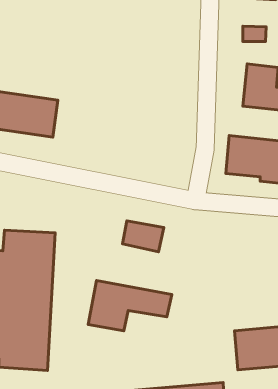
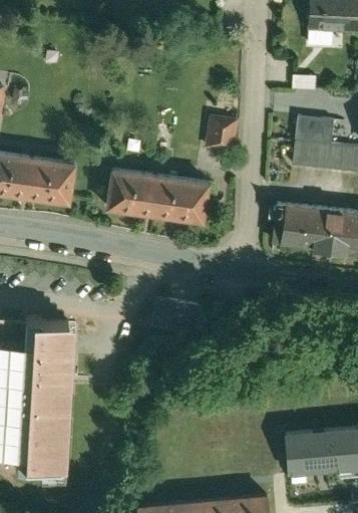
building: none -> [205,113,240,155]
building: none -> [107,166,213,226]
building: [88,281,172,331] -> none

